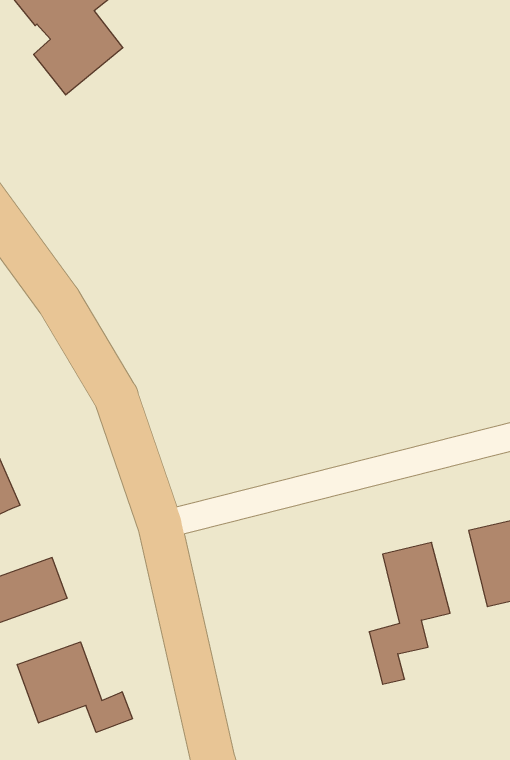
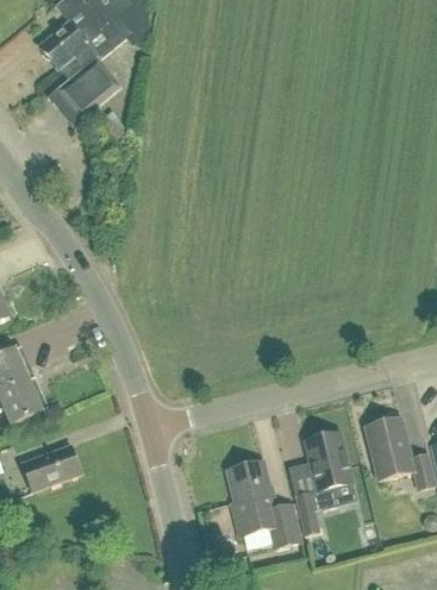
building: none -> [225,460,299,548]
building: [17,642,132,732] -> none

